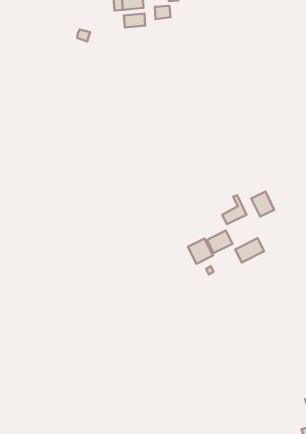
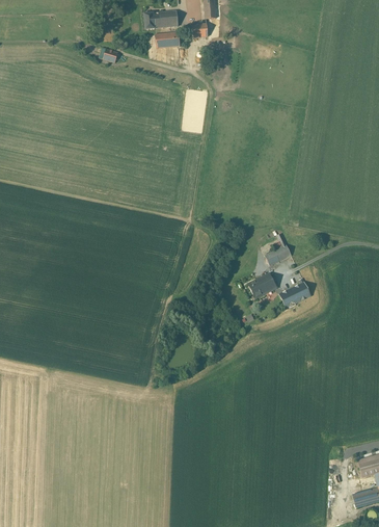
building: [251,192,274,217] -> none
building: [188,239,213,264] -> none

